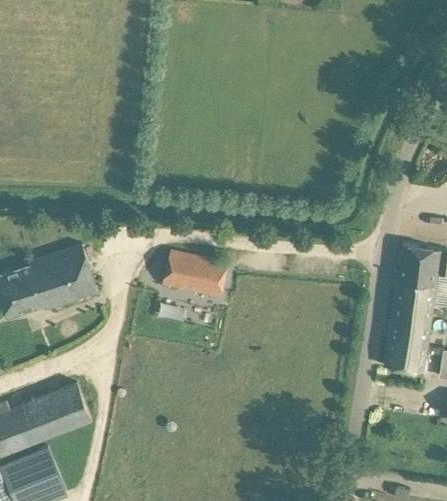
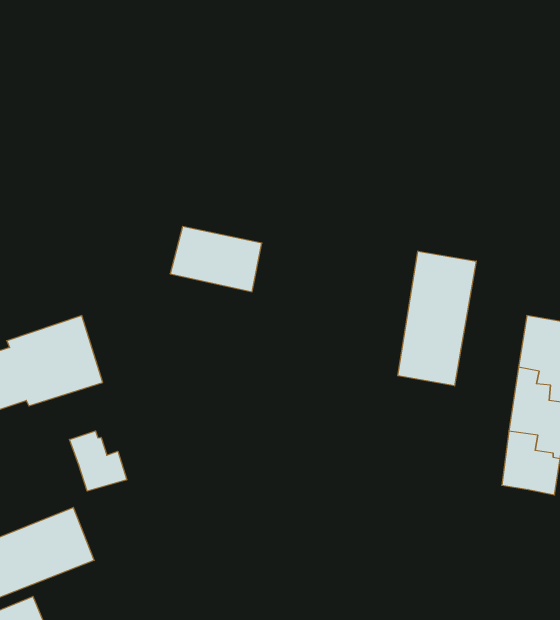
building: none -> [398,251,476,386]
building: [162,251,228,298] -> [170,226,262,292]
building: none -> [69,431,127,491]

